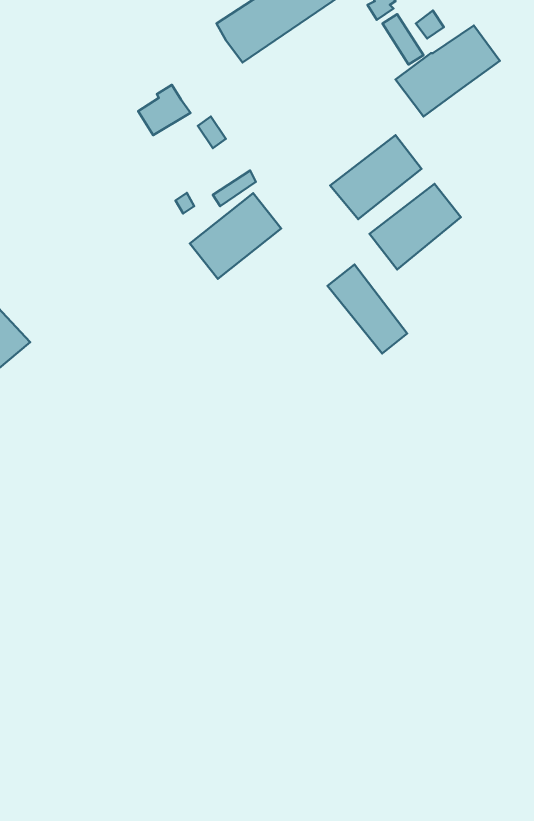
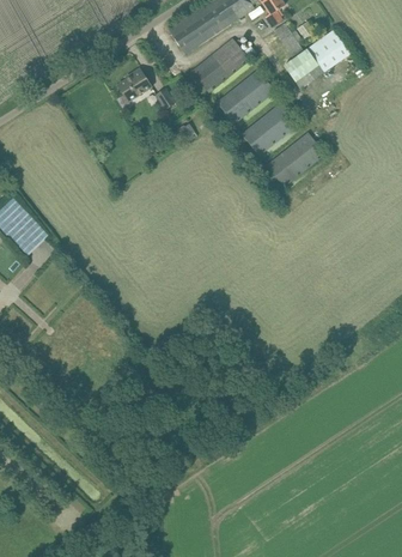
building: none -> [193,38,250,92]
building: [190,193,281,279] -> [217,68,275,123]
building: [328,265,407,354] -> none

